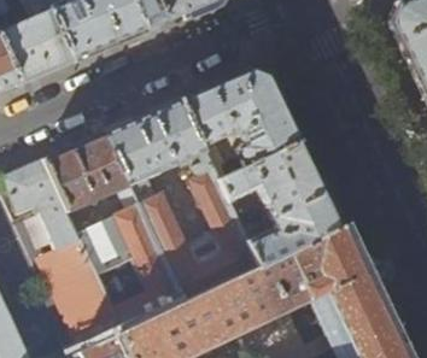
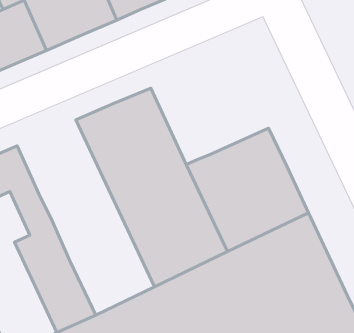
building: [182,69,303,178] -> none
building: [45,133,186,333] -> none

